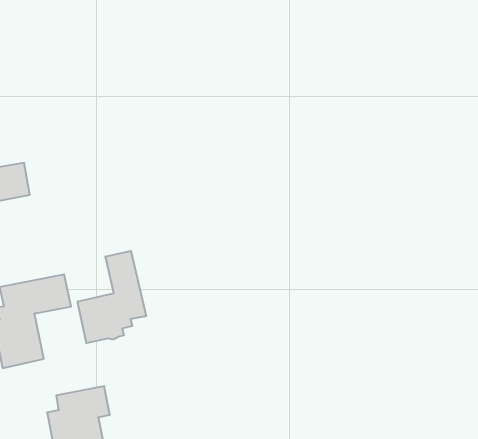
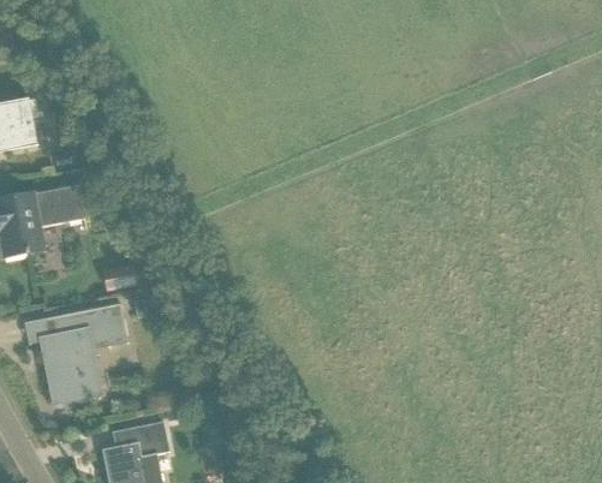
building: [78,251,146,343] -> none

